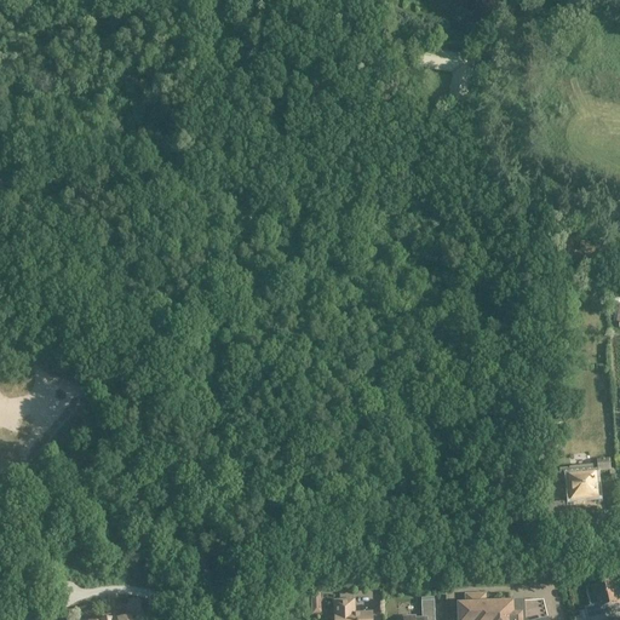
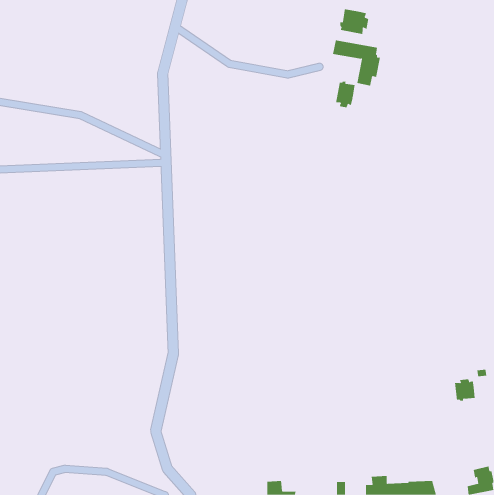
building: none -> [340,9,369,35]
building: none -> [336,81,355,108]

